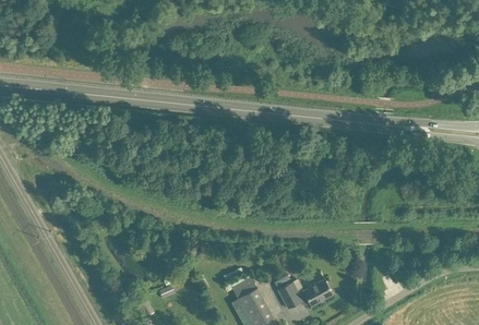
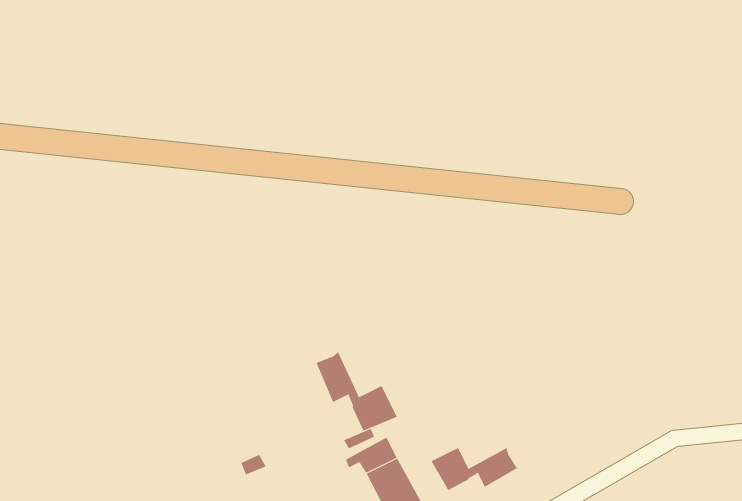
building: none -> [316,351,398,431]

